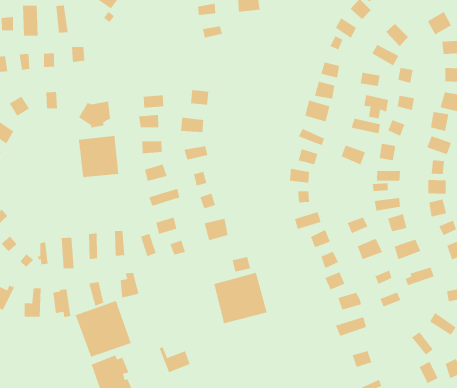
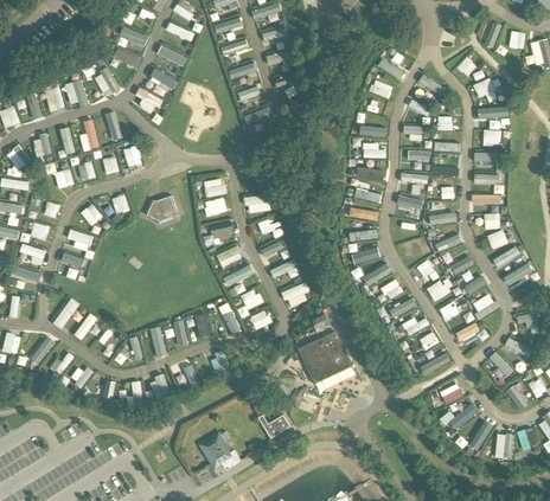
building: [78,135,119,178] -> none
building: [75,300,131,357] -> none

